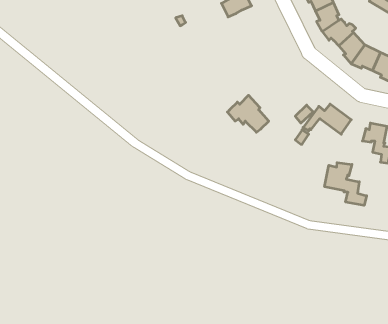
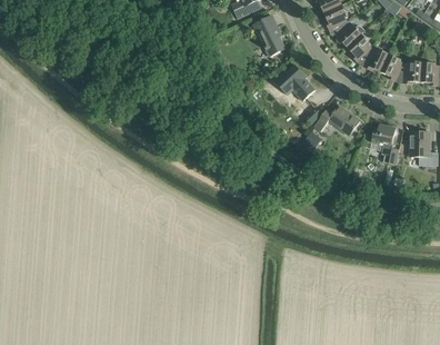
building: none -> [253,14,286,56]
building: [227,95,269,132] -> [274,63,316,100]
building: [325,163,367,205] -> none

